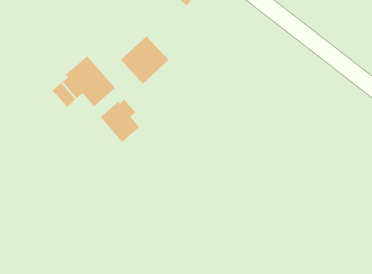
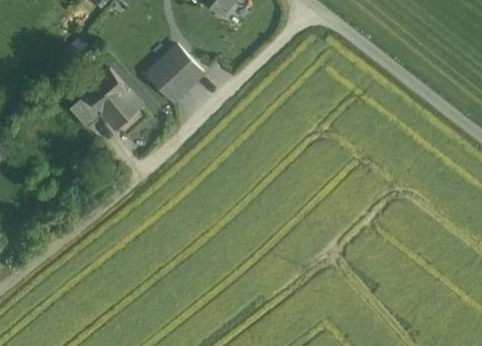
building: [100,99,140,143] -> none

